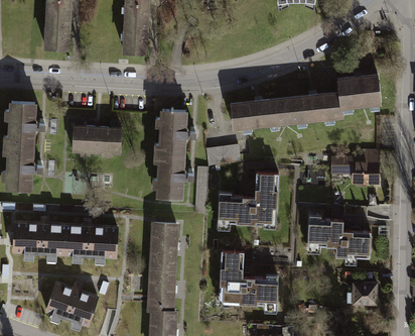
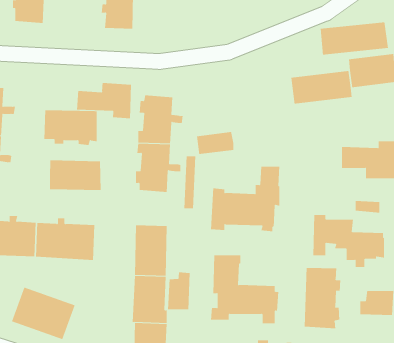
building: [230,96,290,125] -> [320,22,389,55]
building: none -> [77,82,132,119]
building: none -> [49,160,101,191]
building: none -> [304,267,341,329]
building: none -> [168,272,190,310]

